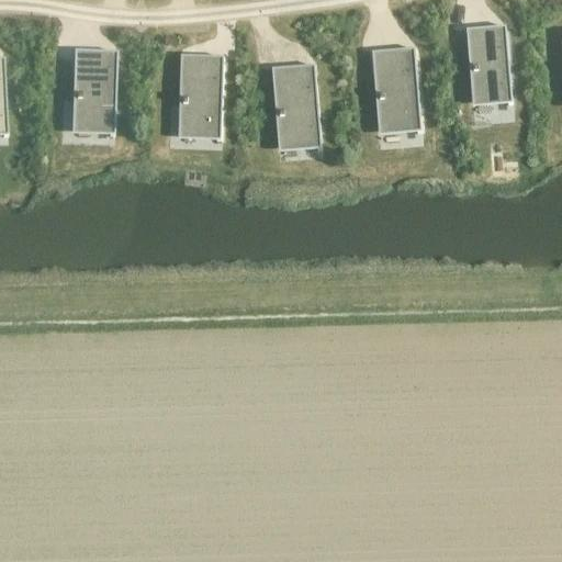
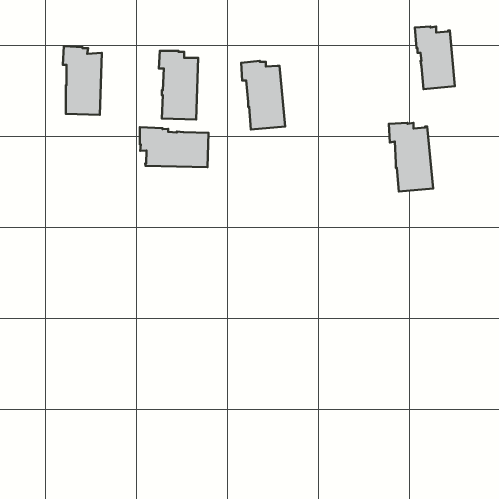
building: [370,52,419,128] -> [389,123,433,191]
building: none -> [140,127,208,167]

